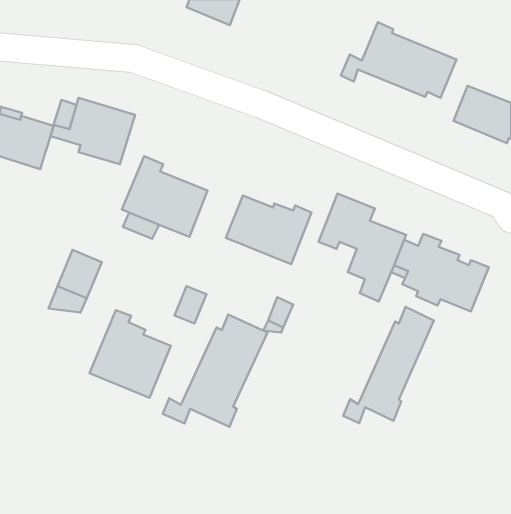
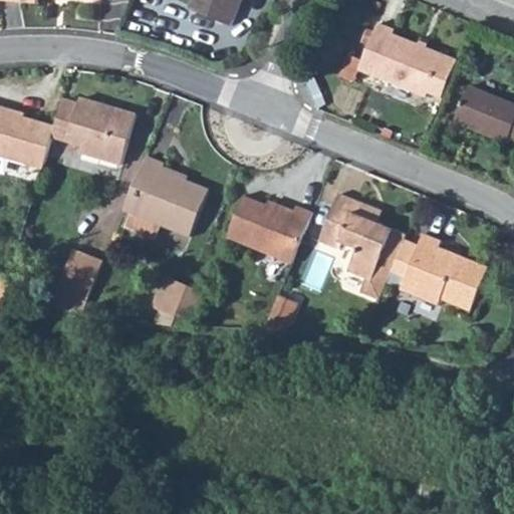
building: none -> [151,276,186,316]
building: [343,307,434,423] -> none
building: [90,310,171,398] -> none
building: [163,315,267,427] -> none

